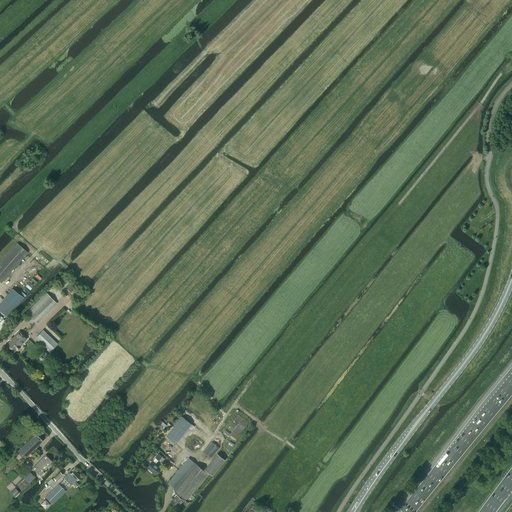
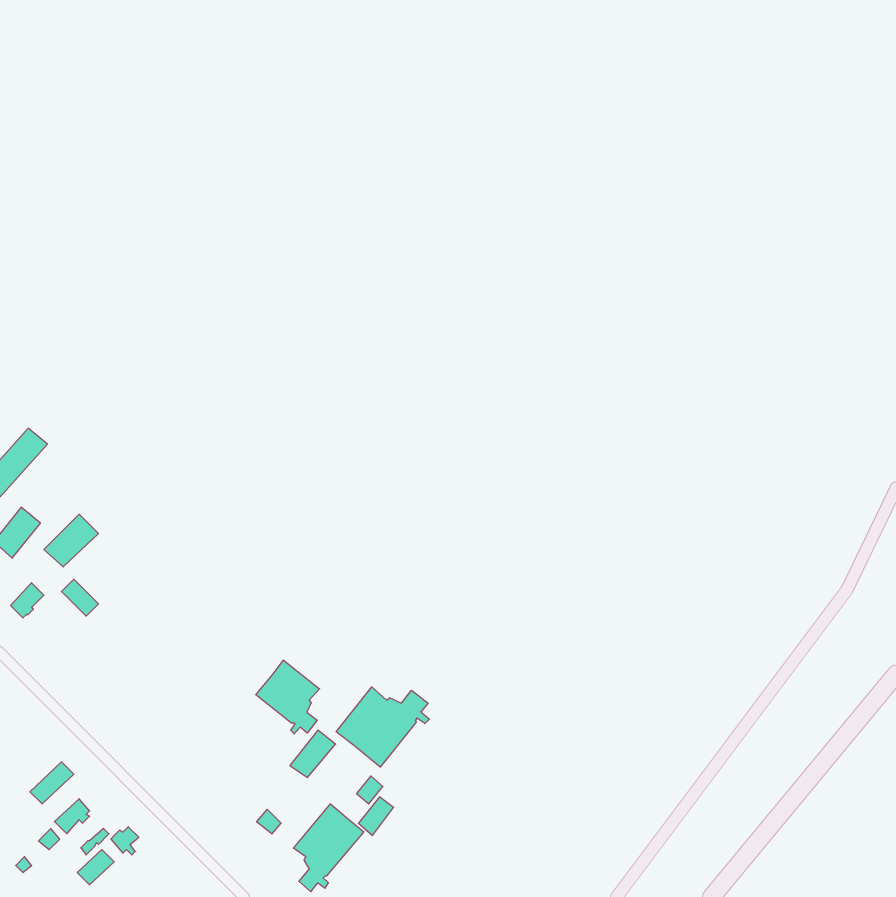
building: none -> [256,660,320,734]
building: none -> [336,687,429,767]

